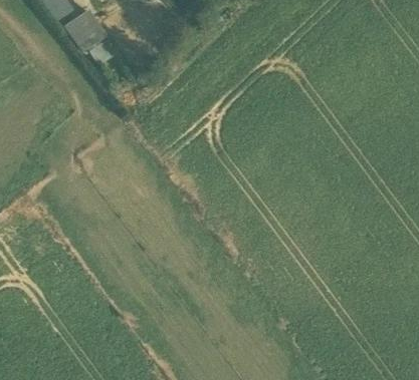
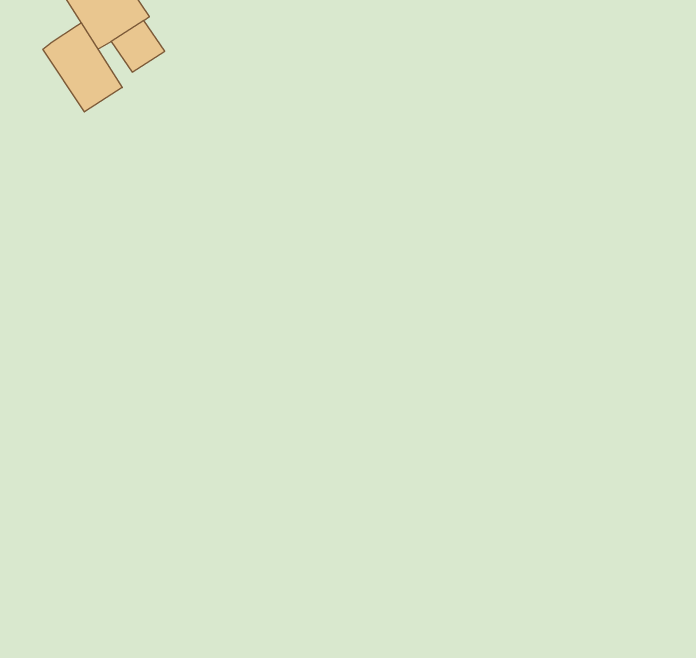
building: none -> [43,23,122,112]

